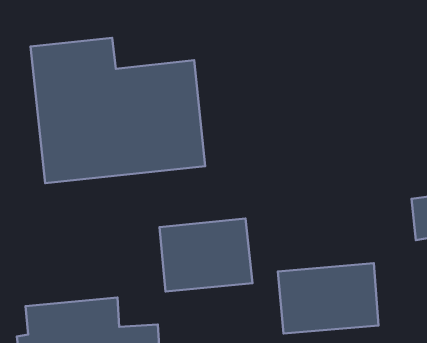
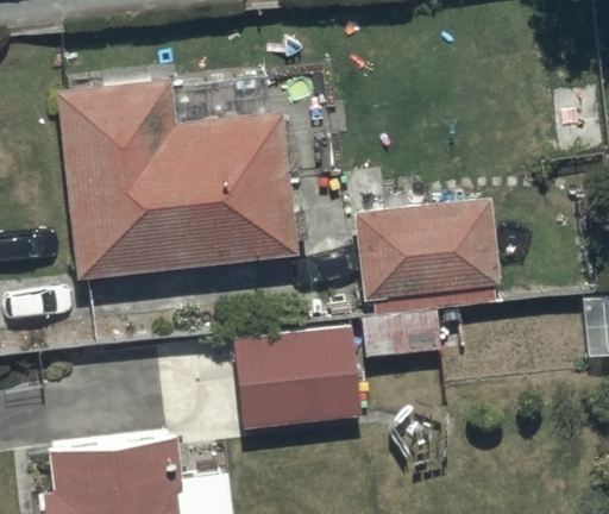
building: none -> [356,200,501,357]
building: [278,263,379,334] -> none

